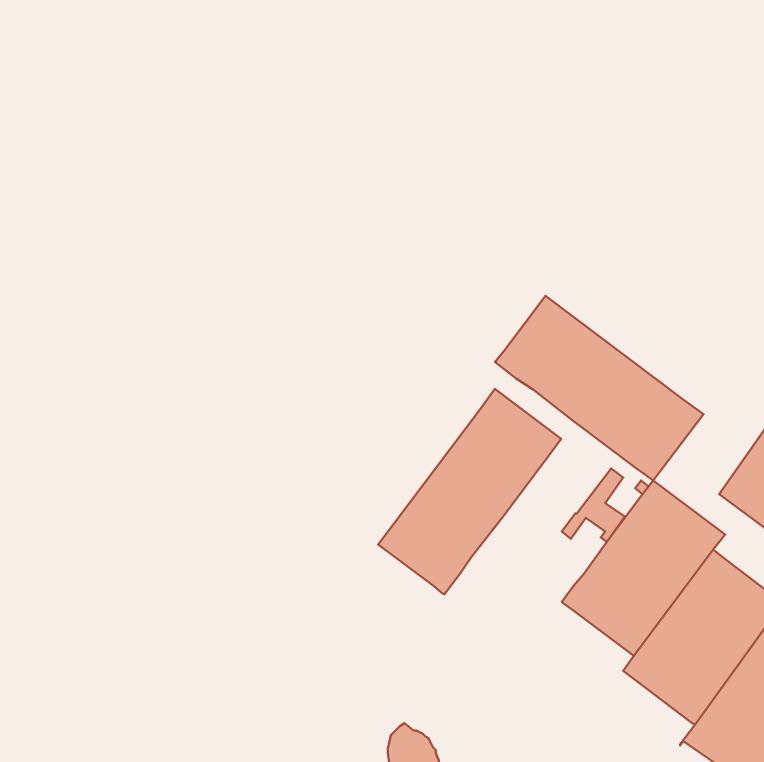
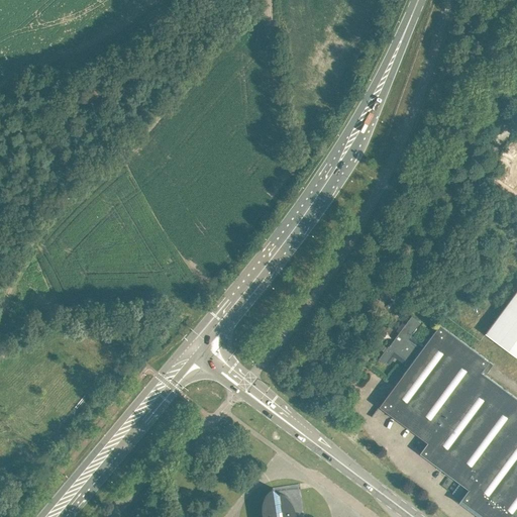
building: [495,296,703,481] -> none
building: [378,389,561,594] -> none

